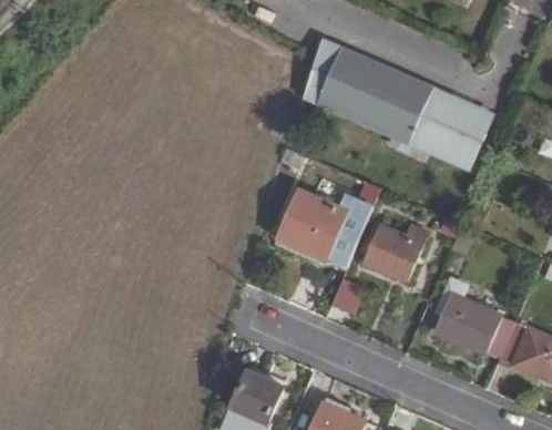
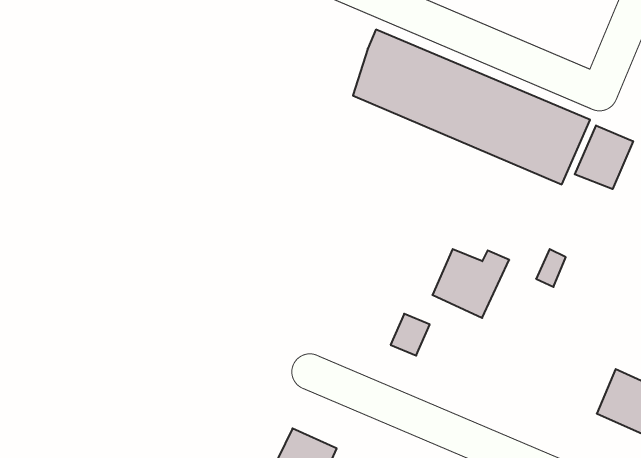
building: none -> [575,125,633,189]
building: [280,187,371,262] -> none
building: [433,293,514,359] -> none

